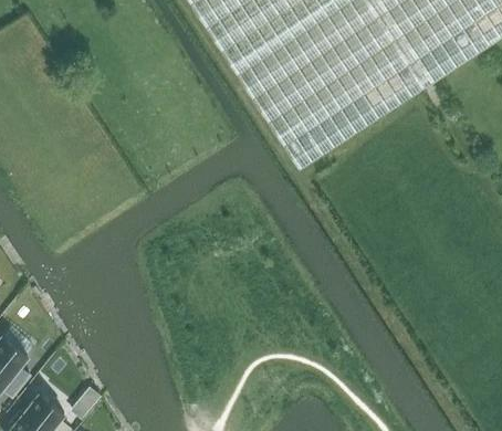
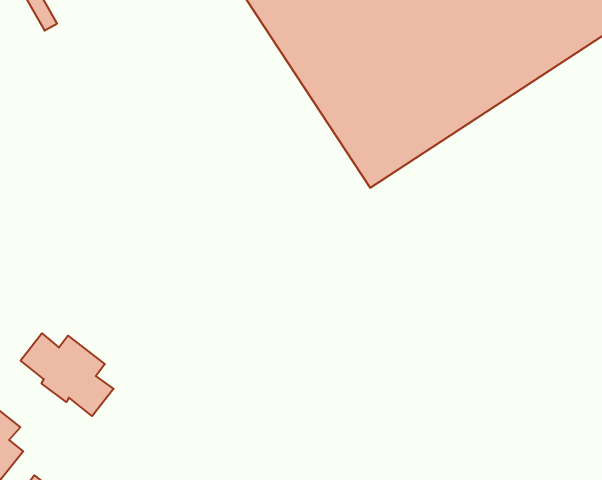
building: none -> [21,333,114,416]

